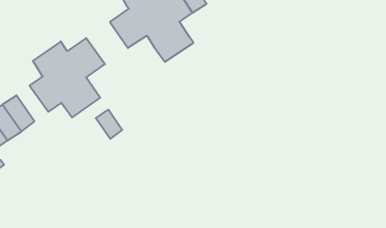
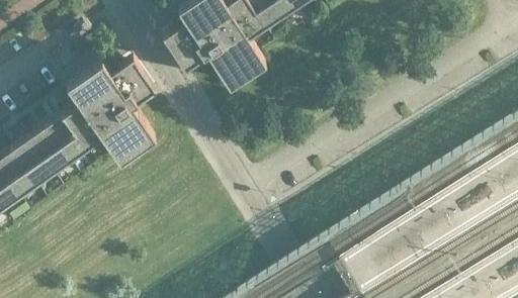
building: none -> [46,119,85,164]
building: [96,110,122,139] -> none

